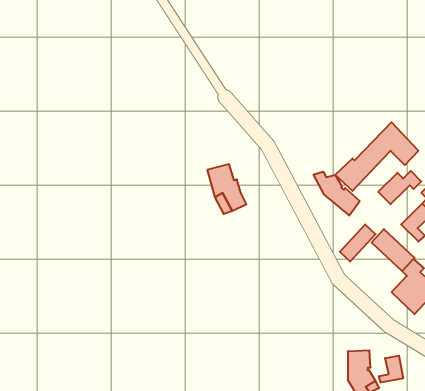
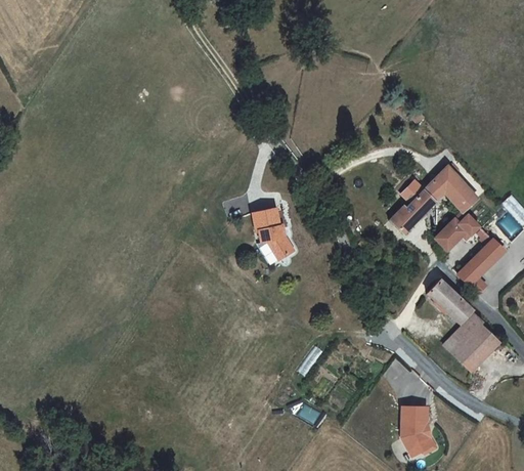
building: [314,172,360,216] -> none
building: [340,224,376,262] -> none
building: [379,356,403,383] -> none

